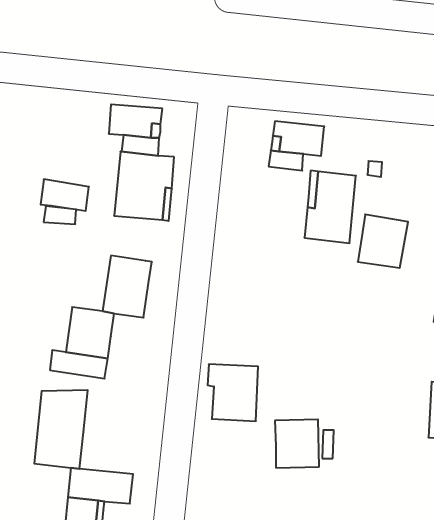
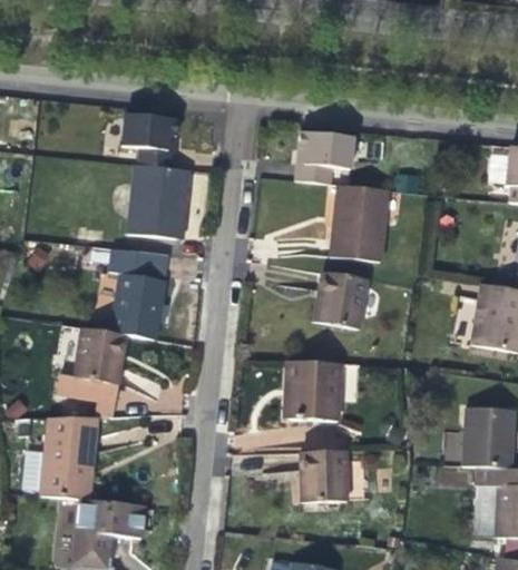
building: [41,179,89,211] -> [114,246,165,279]
building: [358,214,408,268] -> [312,269,365,326]
building: [208,364,258,421] -> [285,360,339,420]

